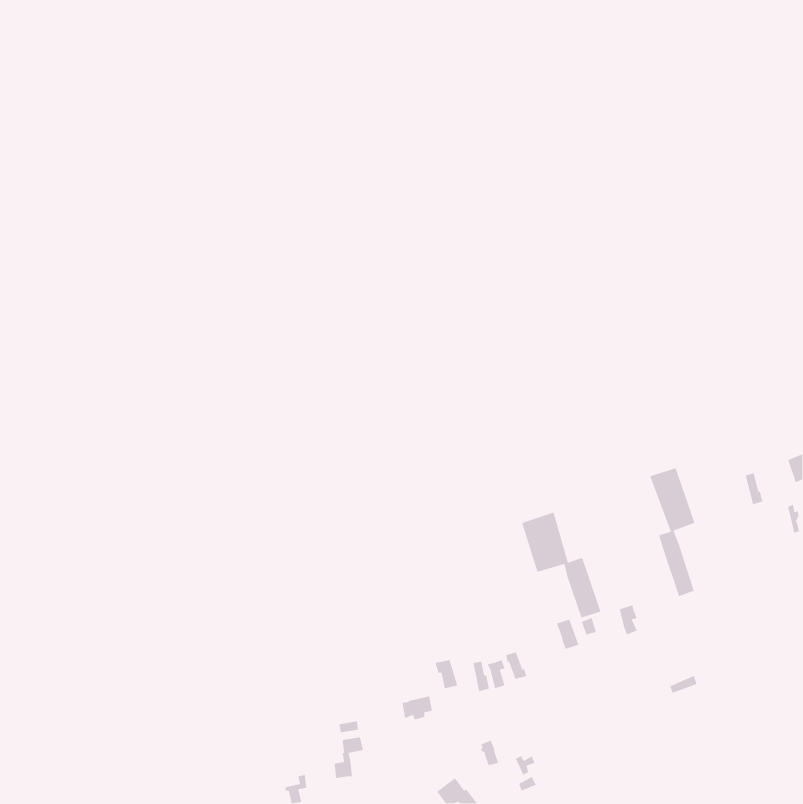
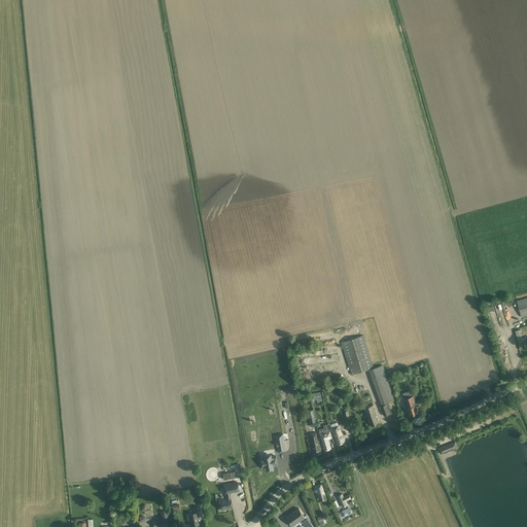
building: [649,467,696,597] -> none

